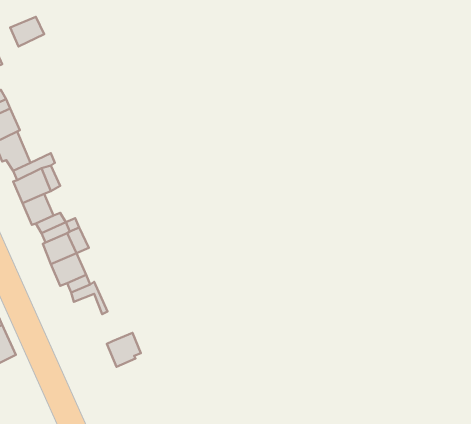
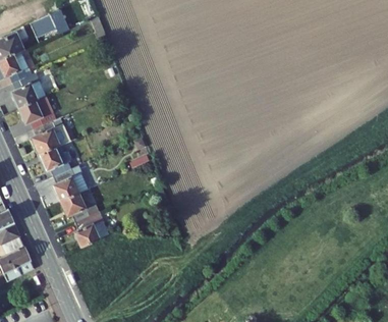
building: [107,333,141,367] -> [73,222,99,248]

